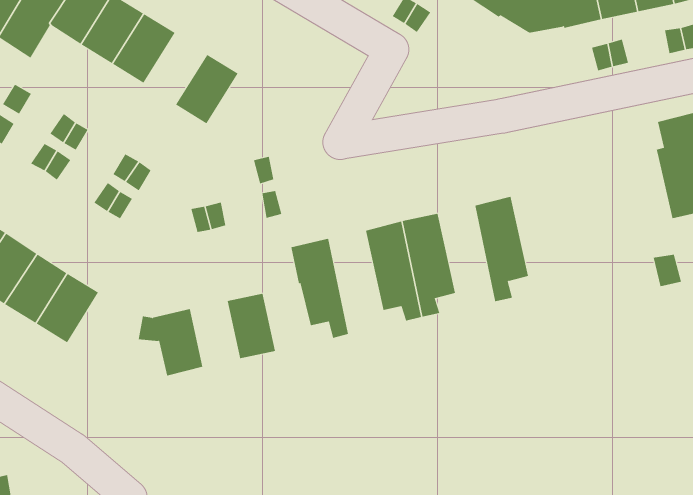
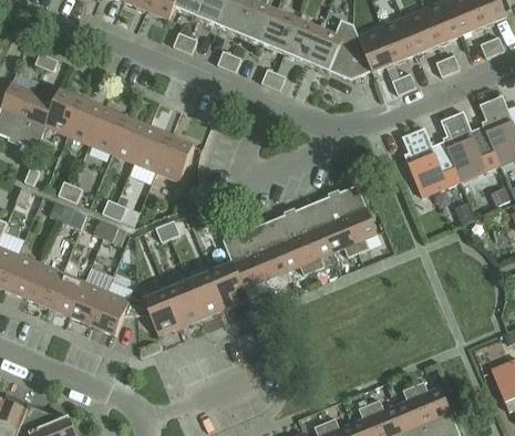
building: none -> [112,117,148,163]
building: none -> [156,136,194,180]
building: none -> [402,127,461,197]
building: none -> [312,194,358,257]
building: none -> [246,221,288,289]
building: none -> [210,262,248,308]
building: none -> [92,290,136,335]
building: none -> [166,281,203,325]

